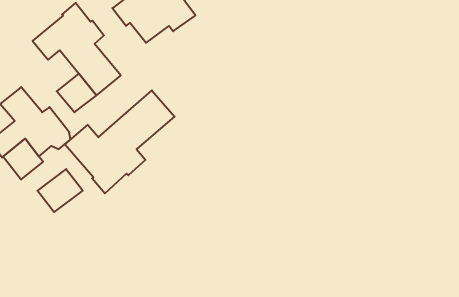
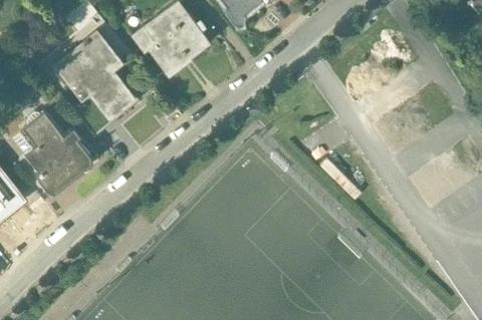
building: [65,90,175,193] -> none
building: [37,169,83,212] -> none

